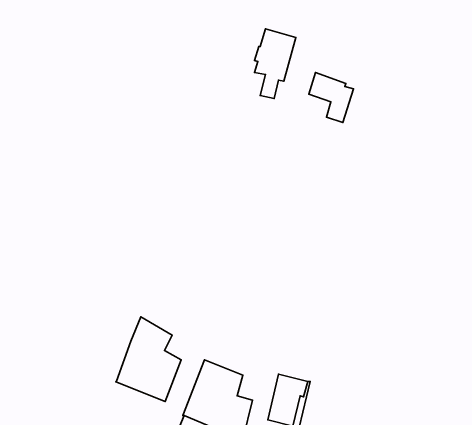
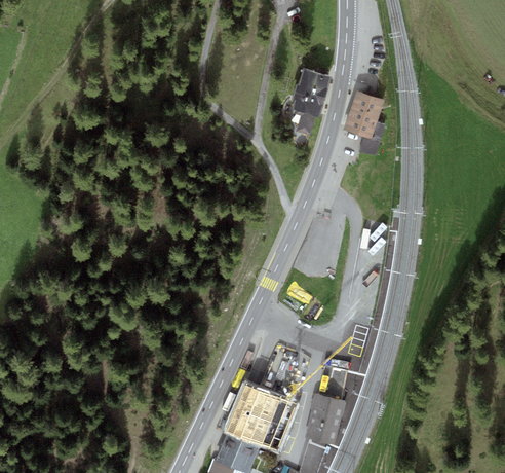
building: none -> [349,90,384,119]
building: [116,317,181,401] -> none

